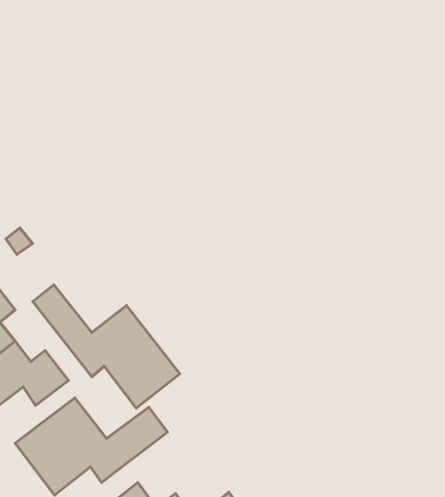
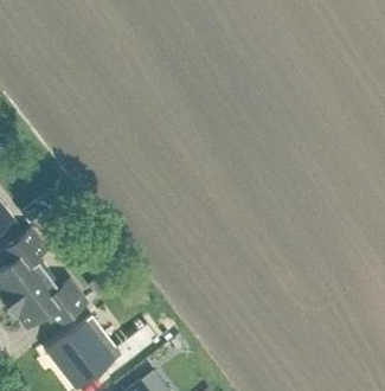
building: [33,285,180,408] -> none

